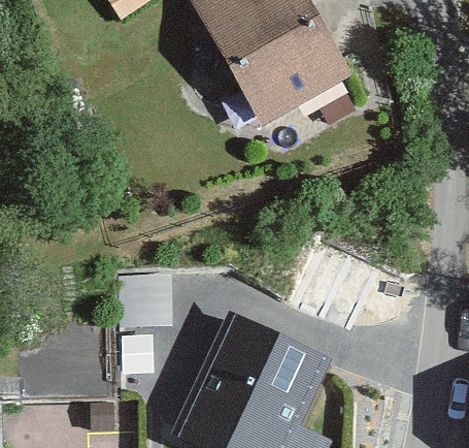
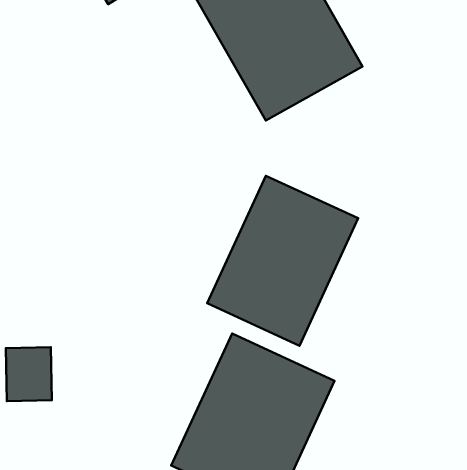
building: none -> [207,176,358,346]

